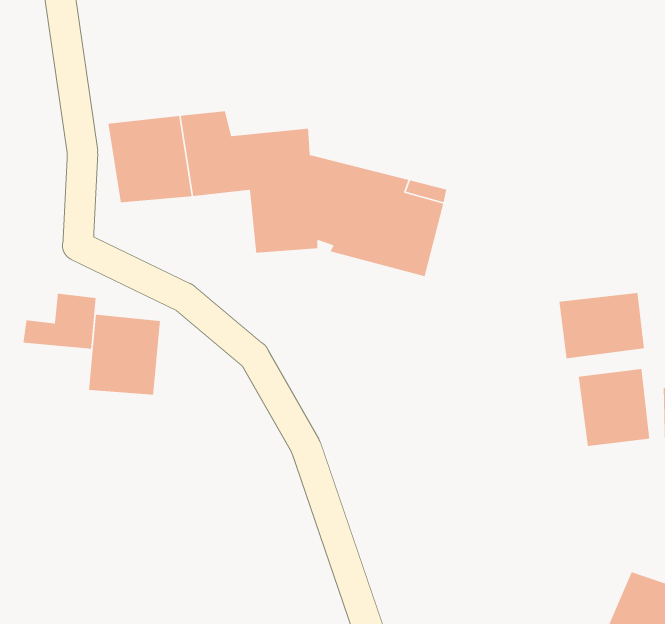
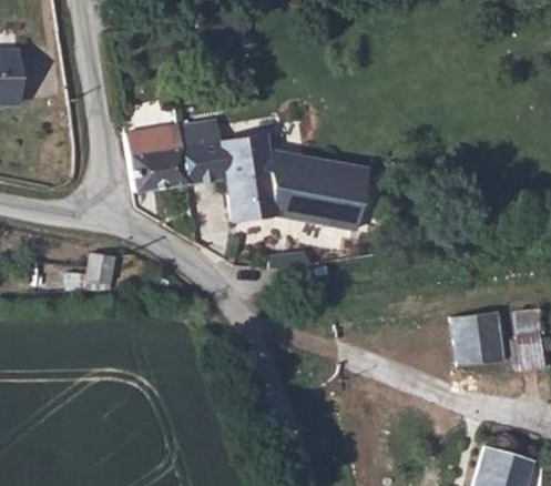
building: [559,292,645,359] -> none
building: [88,314,161,396] -> none

